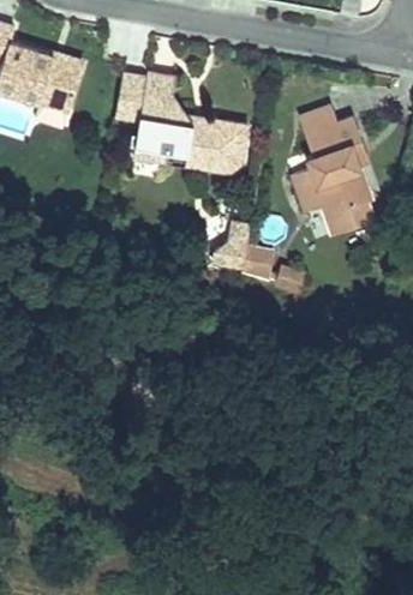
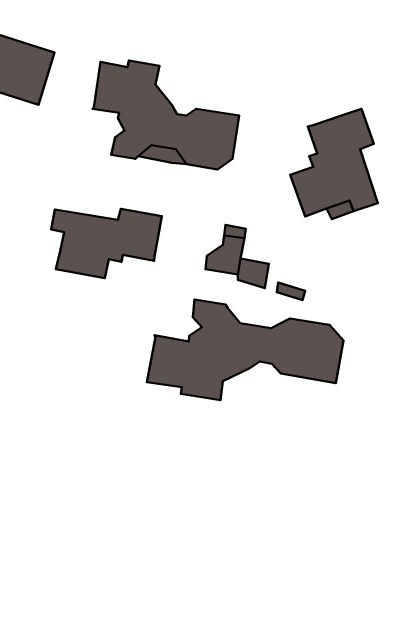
building: none -> [51,209,162,278]
building: none -> [147,299,343,400]

